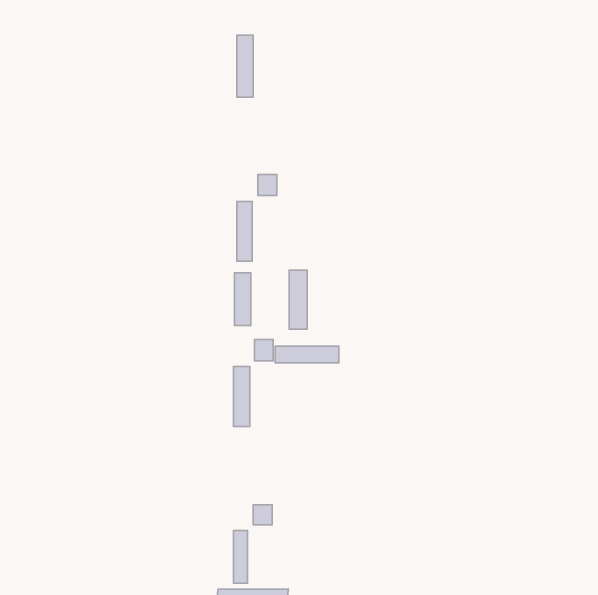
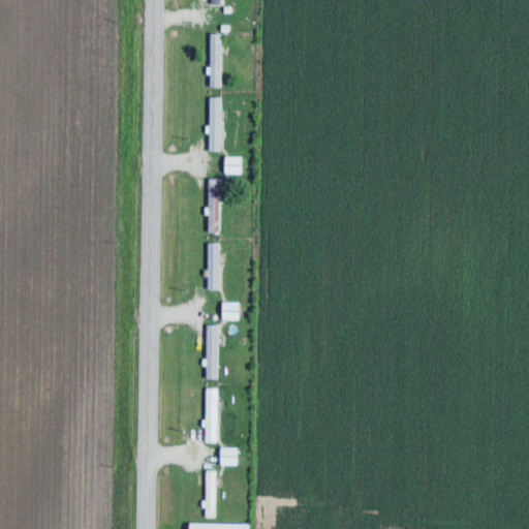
building: none -> [209,98,223,153]
building: [289,270,307,329] -> none
building: [275,346,339,363] -> none
building: none -> [206,390,220,444]

